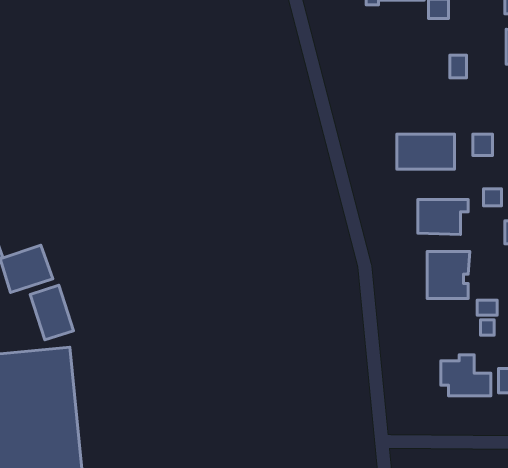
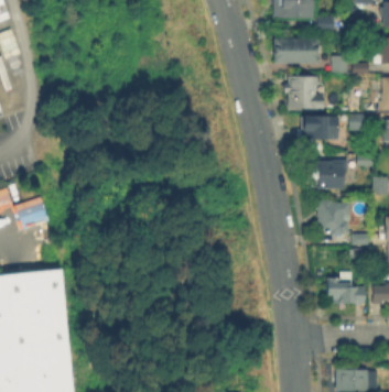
building: none -> [273,41,317,65]
building: none -> [287,78,323,108]
building: [30,285,73,340] -> none

